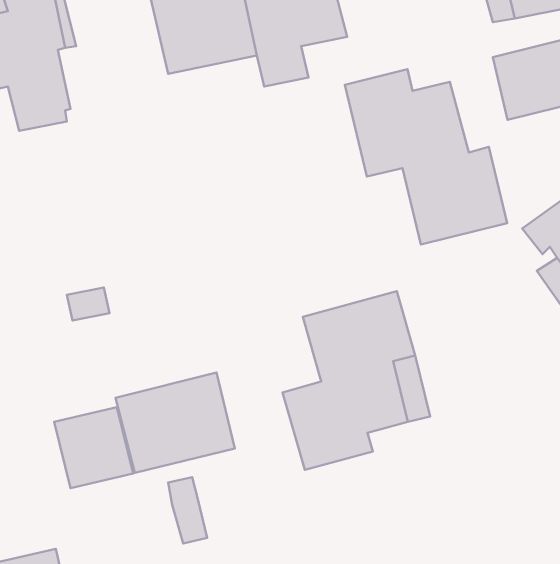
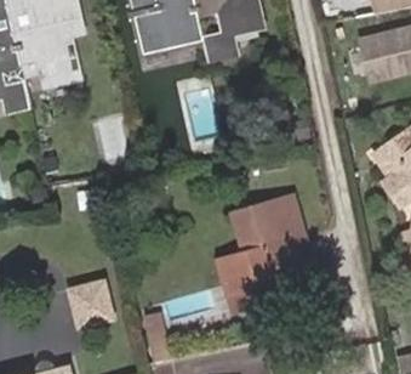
building: [345,69,507,244] -> none
building: [115,372,235,473] -> none

